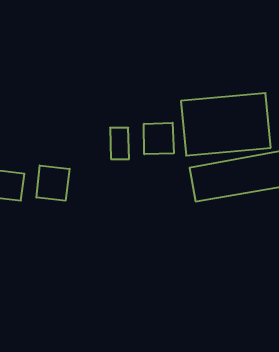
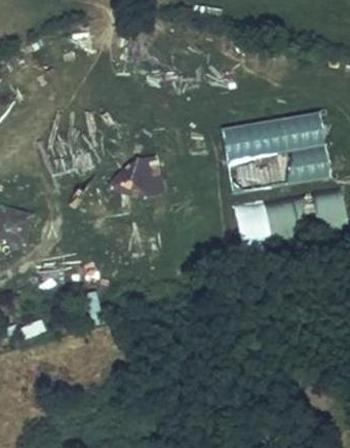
building: [144,123,174,154] -> none
building: [36,165,70,201] -> none

